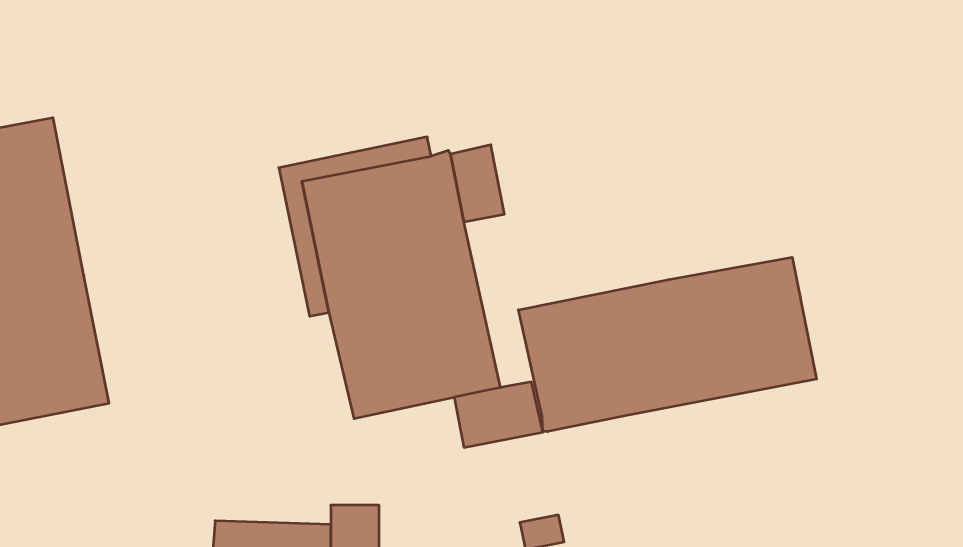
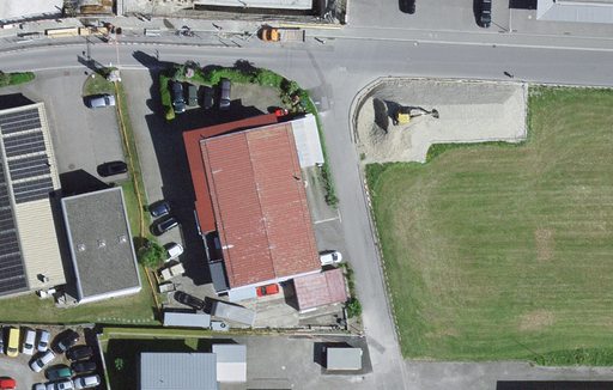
building: none -> [61,189,141,300]
building: [518,257,817,432] -> none

